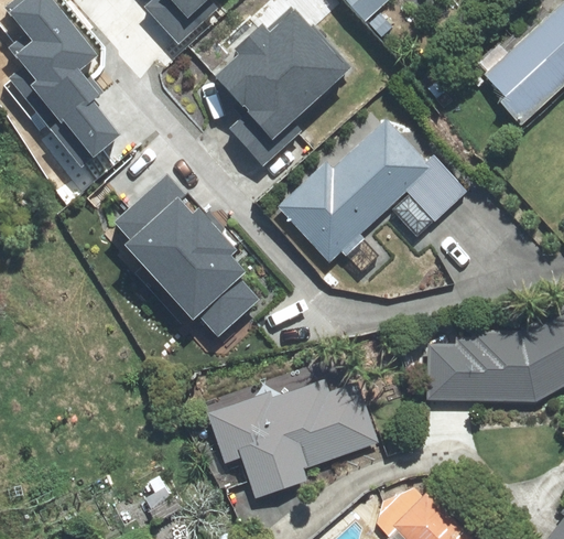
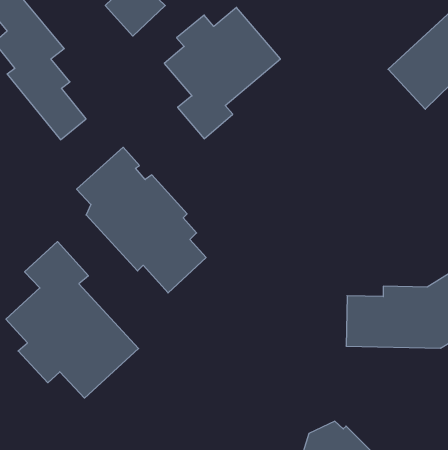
building: [276,118,466,265] -> none
building: none -> [6,242,139,398]
building: [207,380,378,500] -> none

